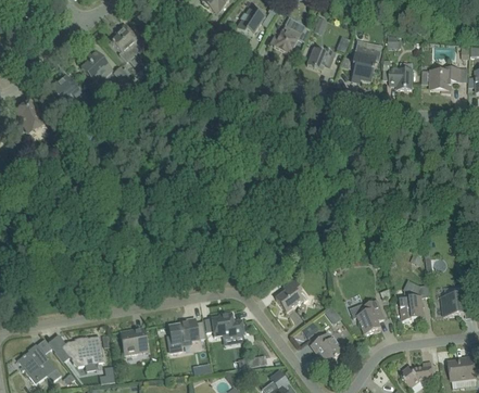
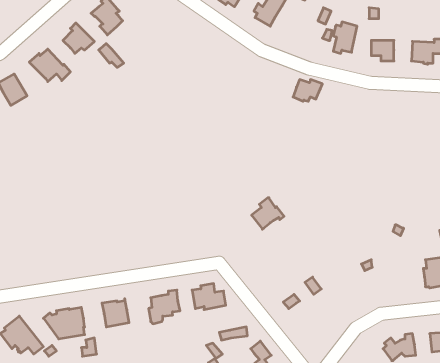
building: [306,46,336,67] -> [293,80,322,101]
building: [275,279,307,310] -> [252,198,284,229]
building: [399,279,424,319] -> none
building: [349,299,385,333] -> none
building: [310,332,342,360] -> none

